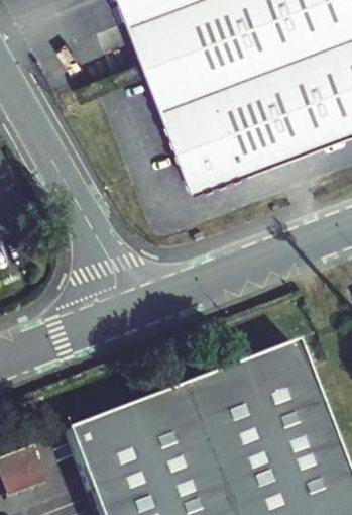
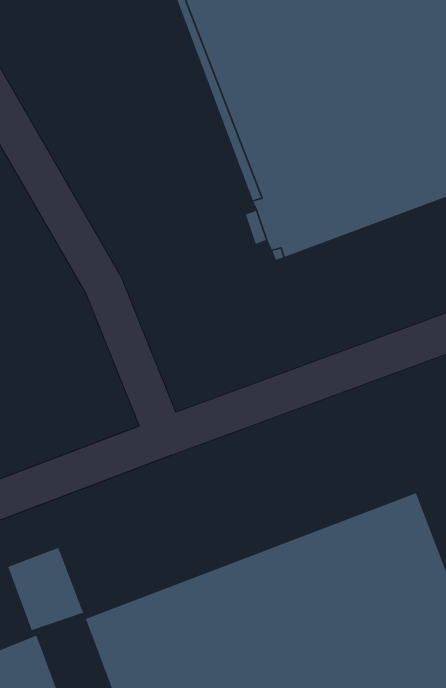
building: none -> [7,547,84,631]

